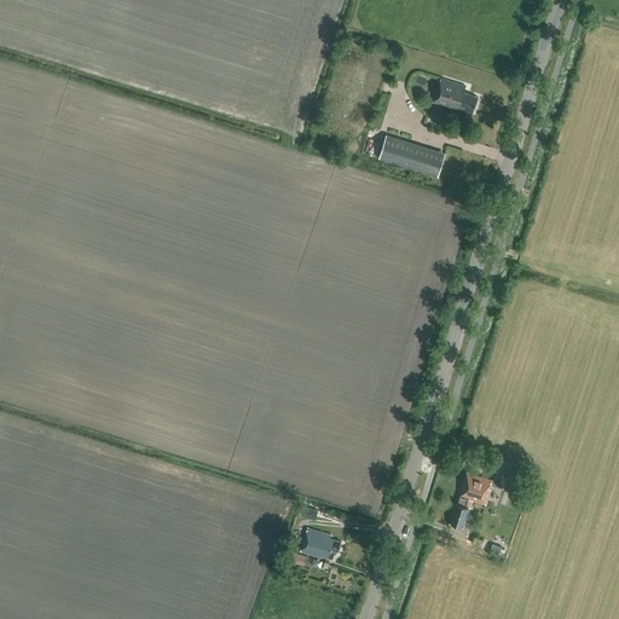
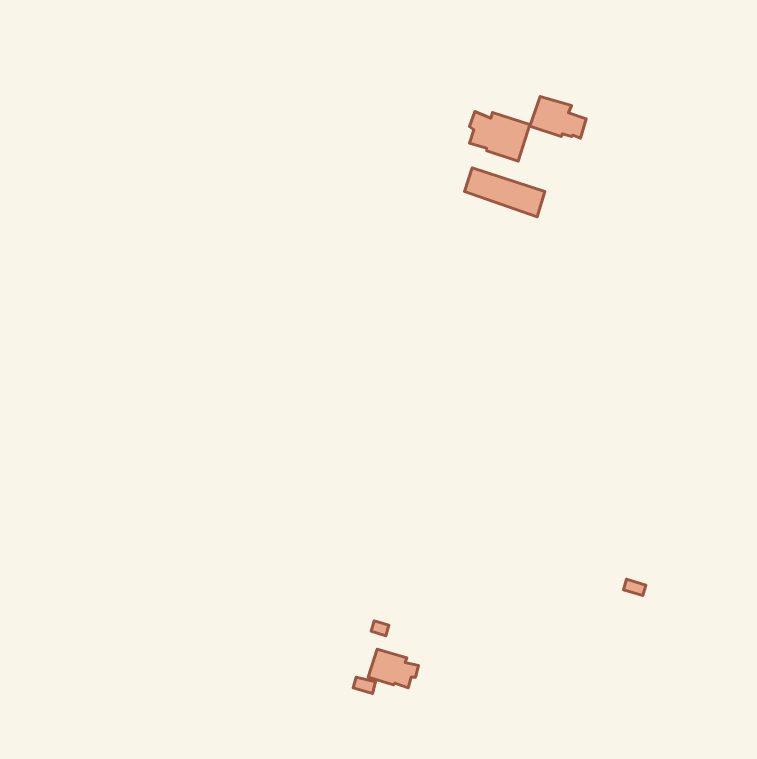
building: none -> [469,112,530,161]
building: [451,473,492,527] -> none

